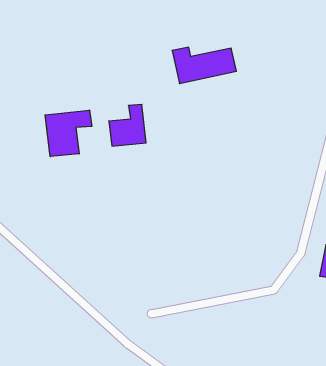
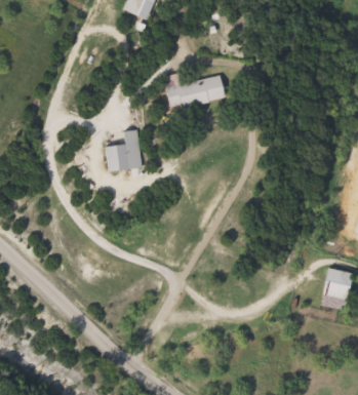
building: [45,110,92,157] -> none

